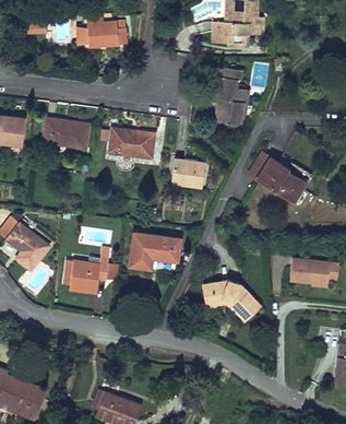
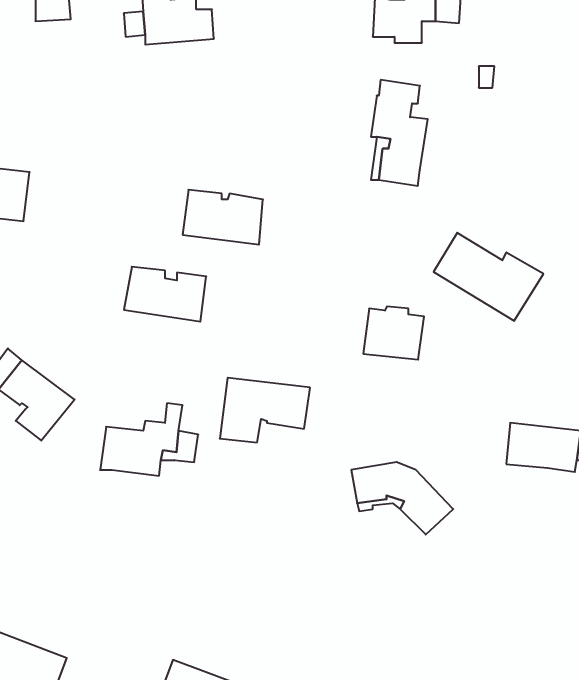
building: [43,118,88,149] -> [124,267,206,322]
building: [171,157,205,187] -> [363,307,424,360]

